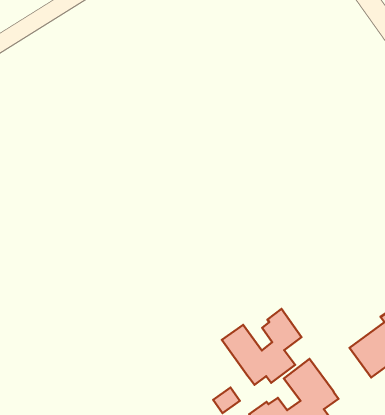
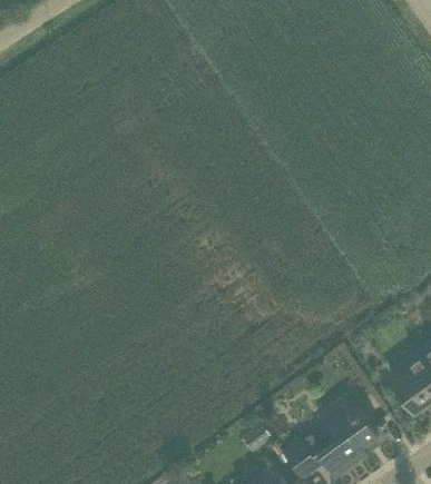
building: [222,309,302,385] -> none

